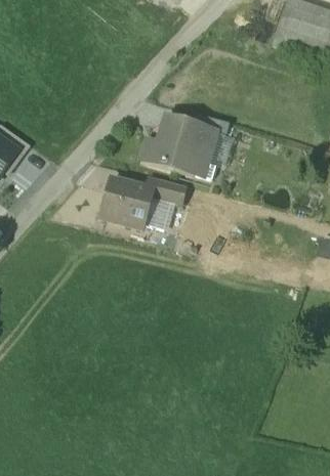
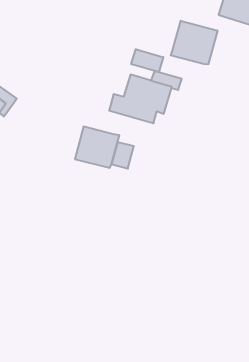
building: none -> [171,21,218,64]
building: none -> [131,49,163,72]
building: [148,175,185,204] -> none

